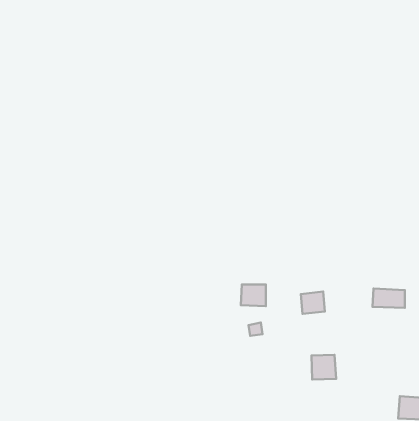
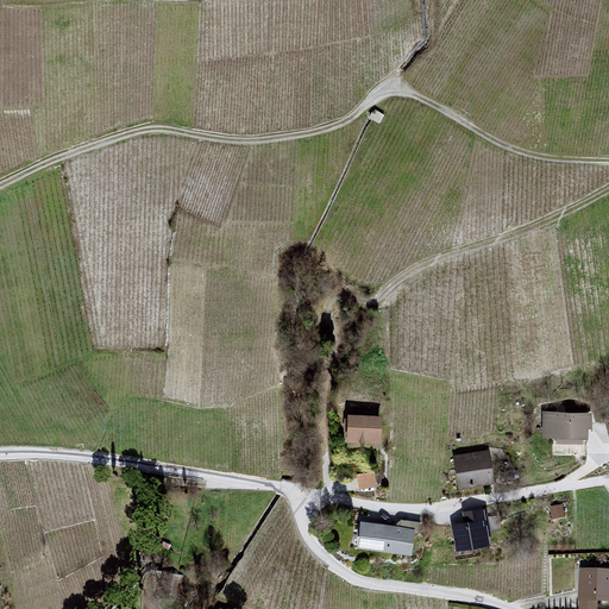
building: [301,292,325,314] -> [454,456,489,488]
building: none -> [352,519,413,554]

